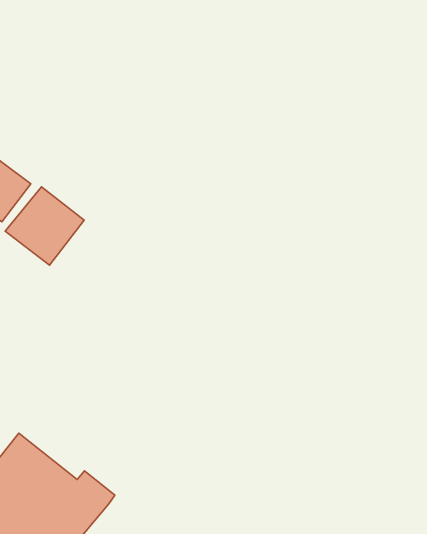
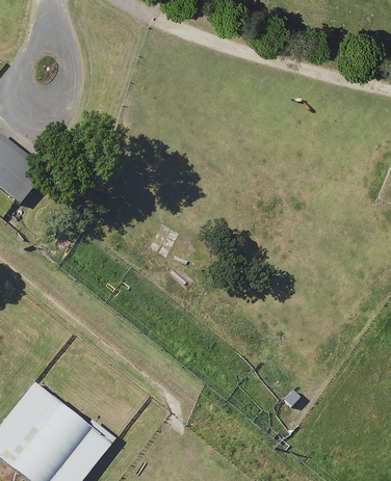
building: [5,187,84,265] -> none

